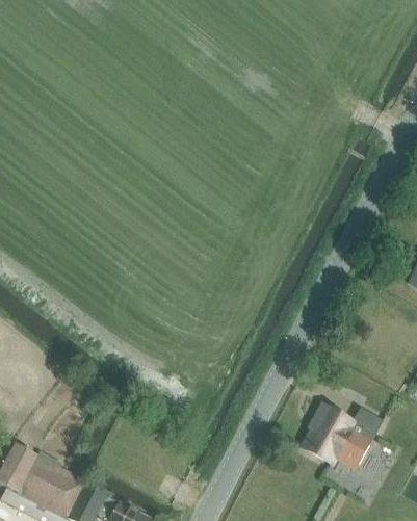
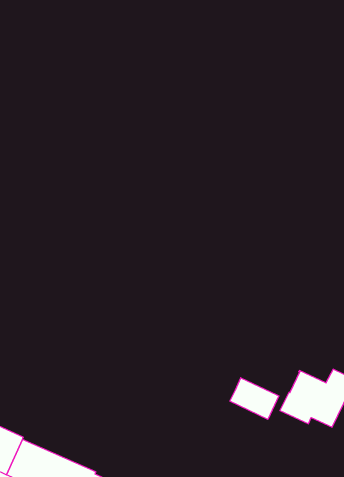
building: none -> [230,378,279,419]

